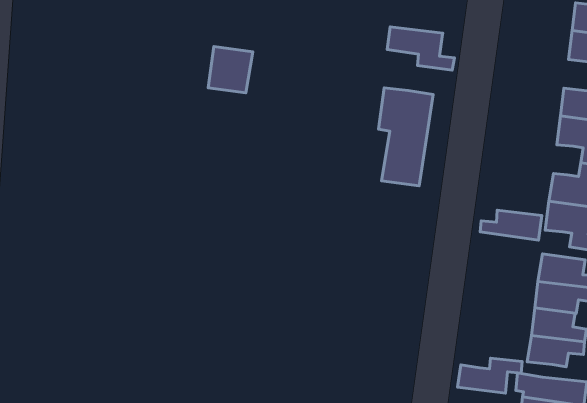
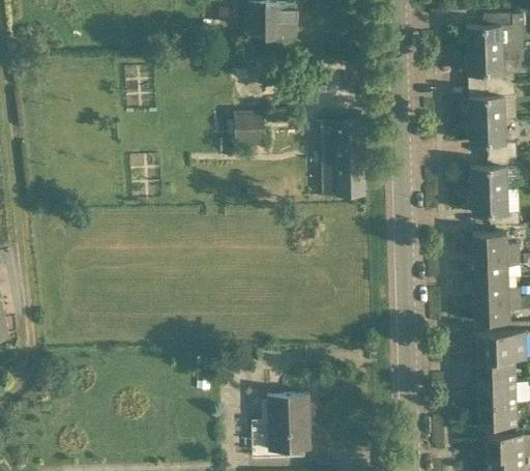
building: [387,27,455,70] -> none
building: [208,46,253,93] -> [232,112,264,147]
building: [480,210,542,240] -> none
building: [457,358,522,393] -> none

